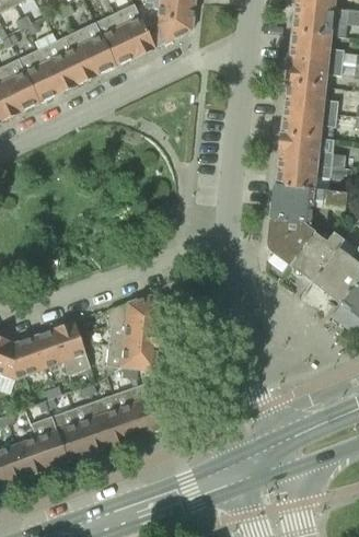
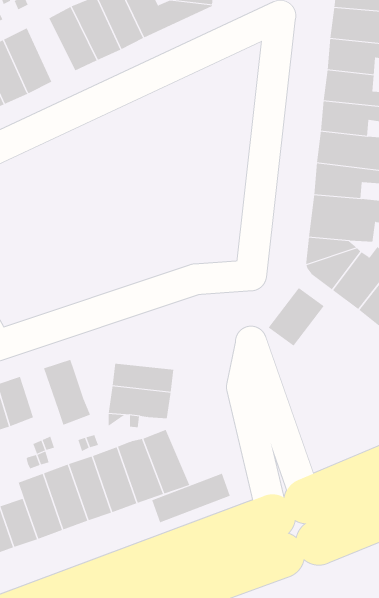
building: [38,40,78,93] -> none
building: none -> [268,287,324,347]
building: [108,294,162,330] -> none
building: [33,329,63,370] -> none
building: none -> [152,473,230,523]

